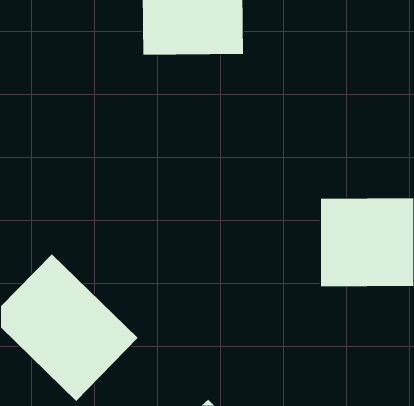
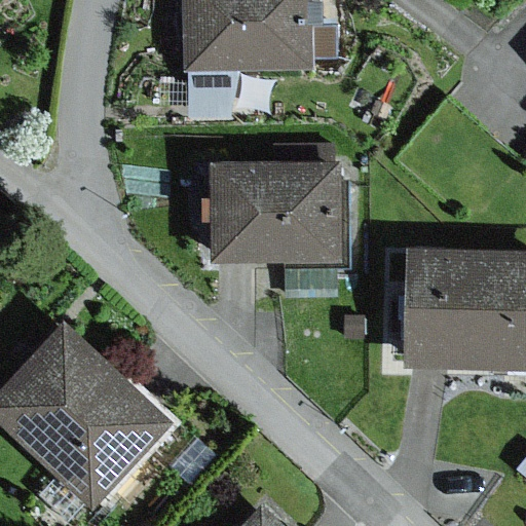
building: none -> [206,163,345,264]

